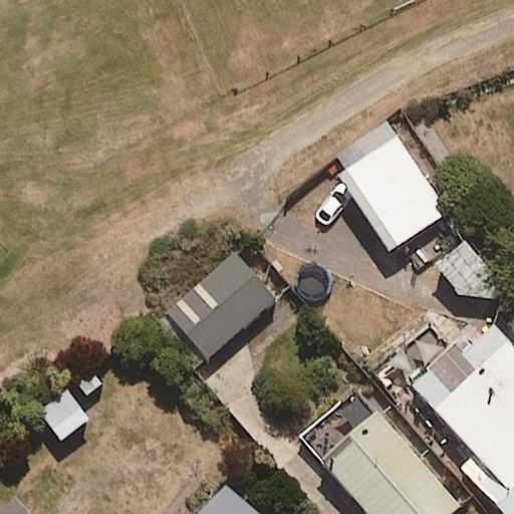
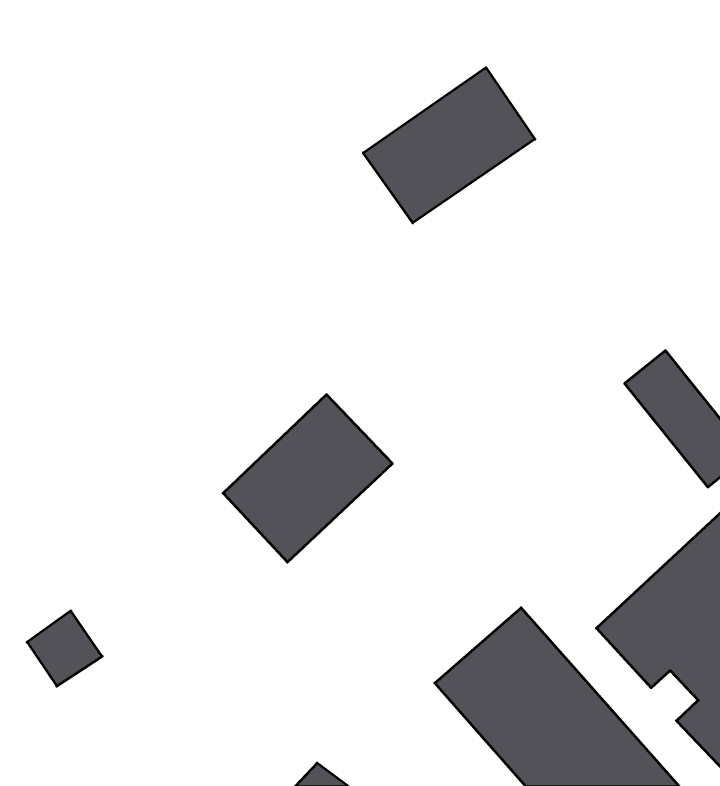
building: none -> [363,68,535,223]
building: [332,123,448,250] -> none

